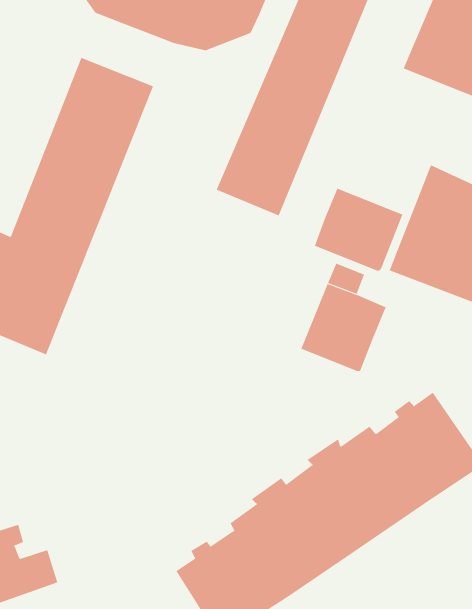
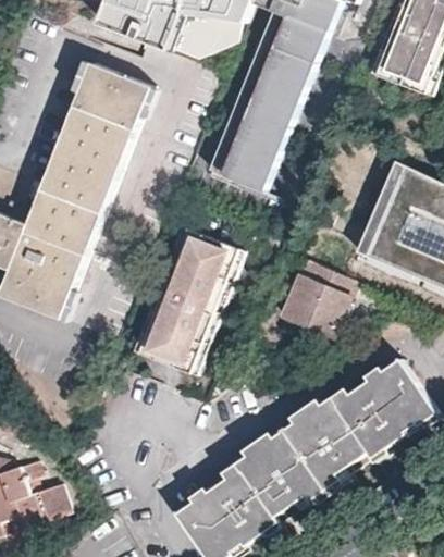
building: [314,188,403,272] -> none
building: none -> [147,237,233,370]

